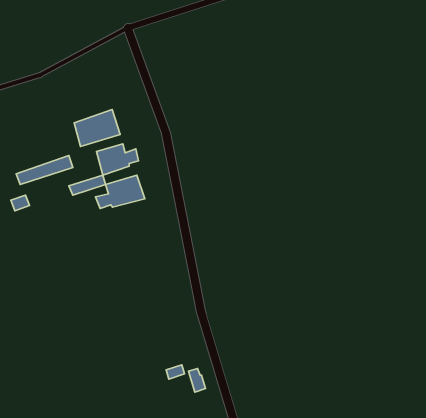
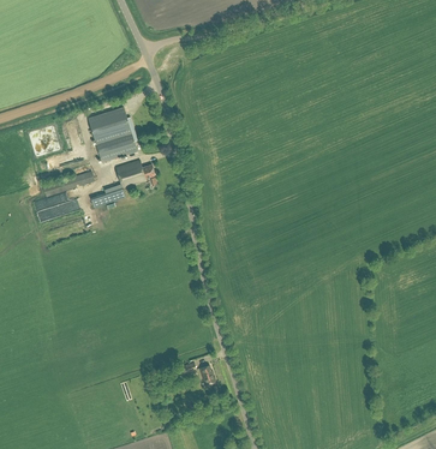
building: none -> [88,106,136,139]
building: [95,175,145,208] -> none

